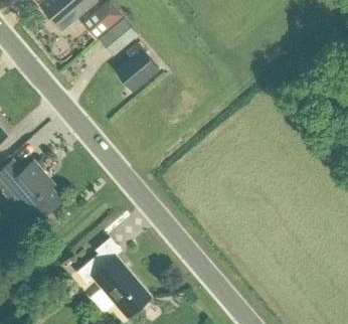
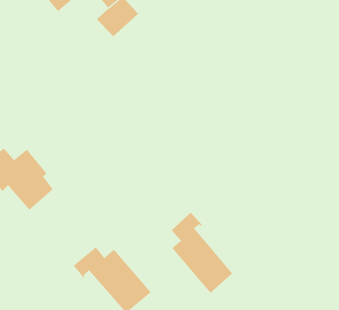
building: [118,43,159,90] -> none
building: none -> [171,212,233,293]

